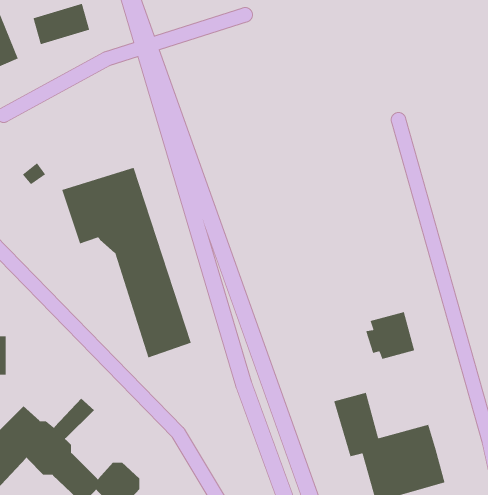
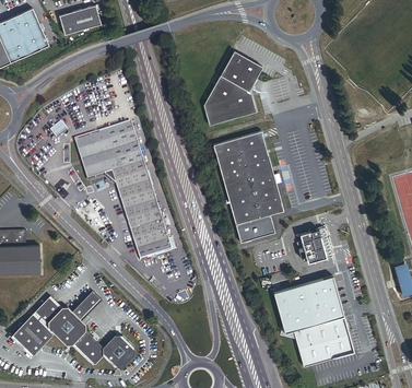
building: none -> [203,50,262,125]
building: none -> [213,131,284,242]
building: none -> [297,275,342,318]

